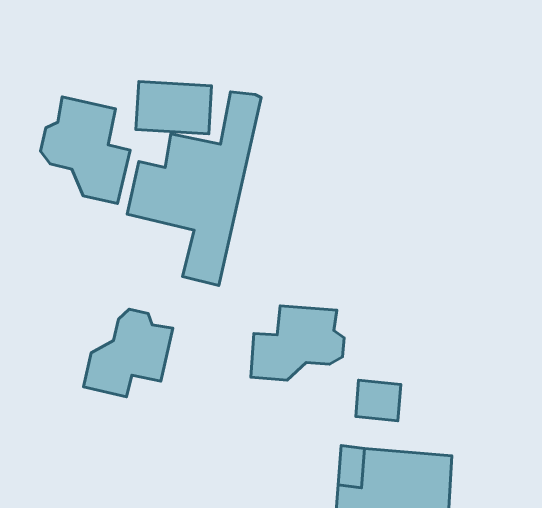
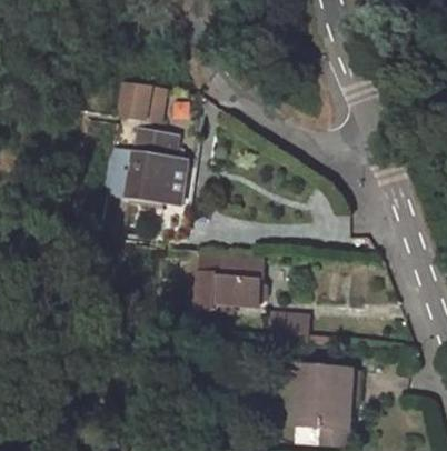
building: [41,97,130,203] -> none
building: [84,309,173,397] -> none

